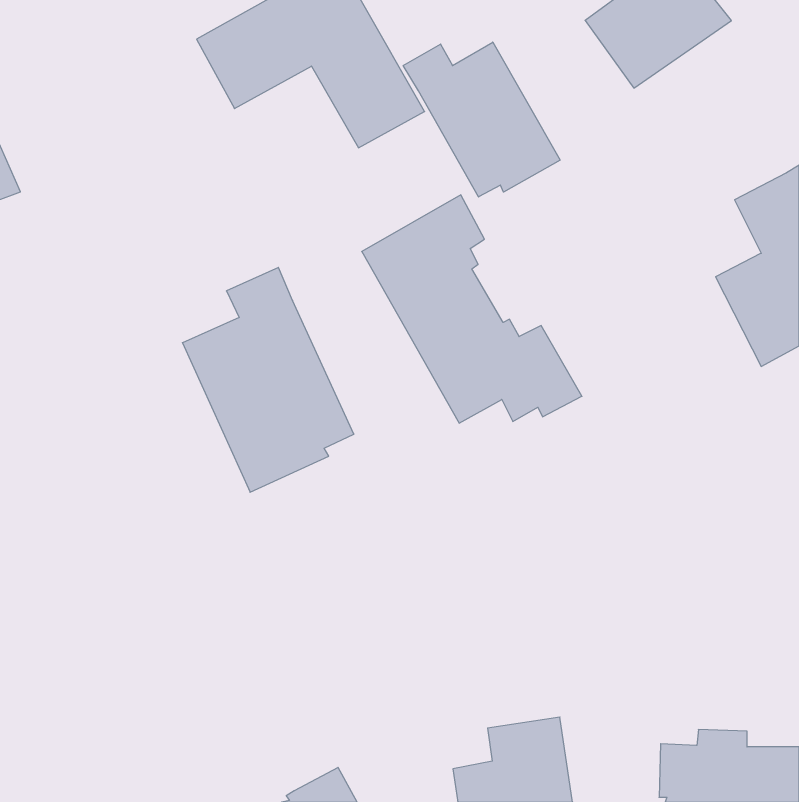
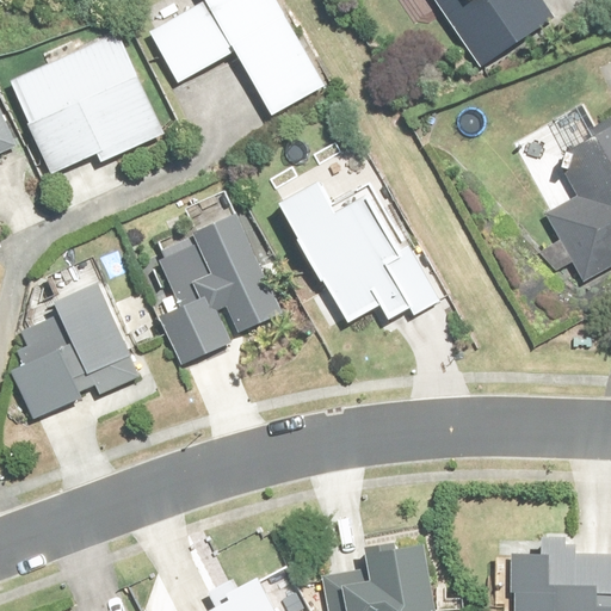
building: [403,42,560,197] -> none
building: none -> [12,32,165,171]
building: none -> [12,284,140,422]

